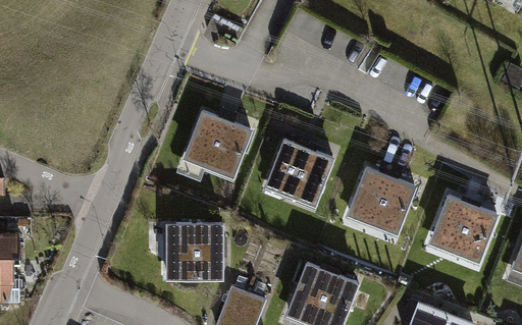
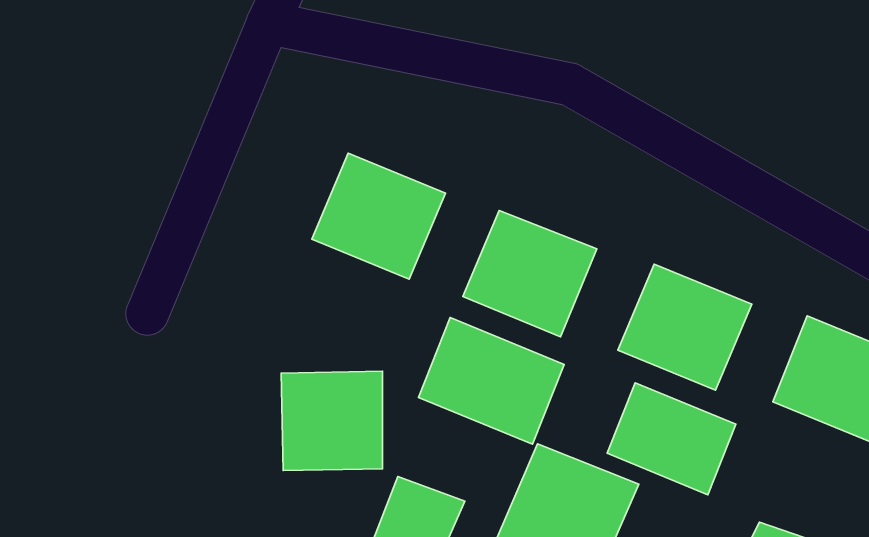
building: none -> [419,318,564,444]
building: none -> [607,383,736,495]

